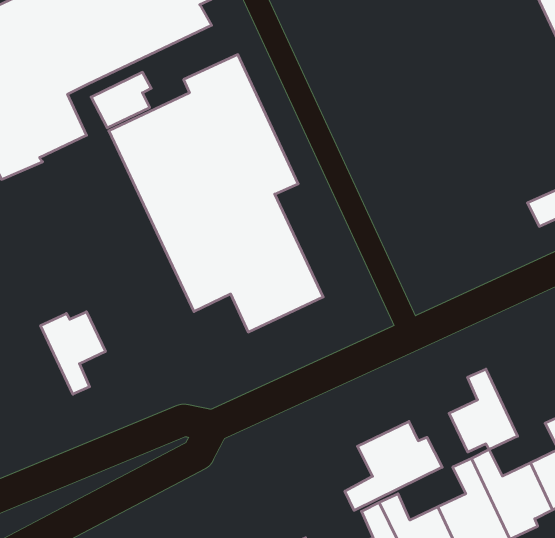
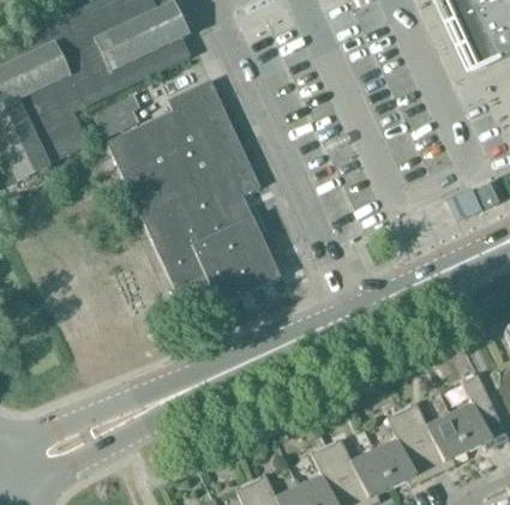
building: [41,312,105,394] -> none
building: [449,369,518,452] -> none
building: [345,421,442,510] -> none

